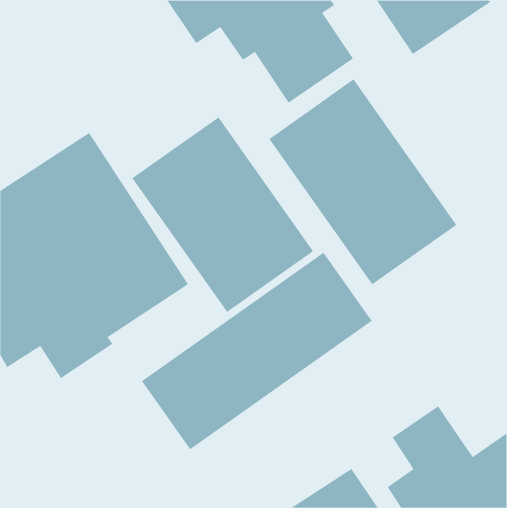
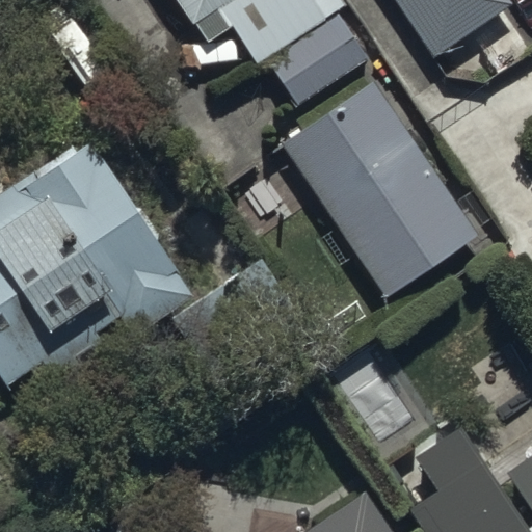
building: [132,116,314,313] -> none
building: [141,252,372,450] -> none

